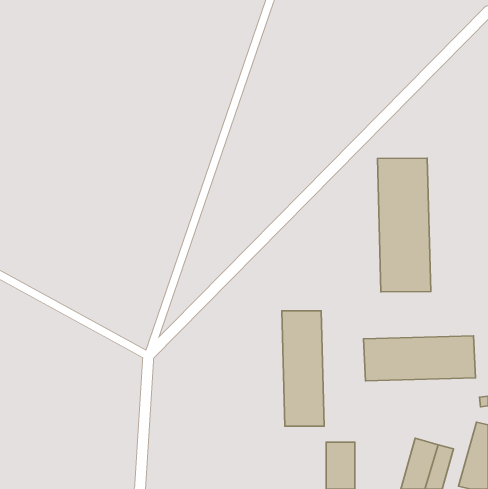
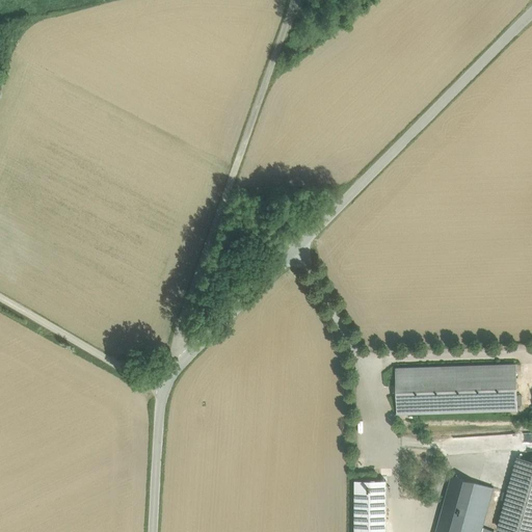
building: [377,158,431,292] -> none
building: [282,311,324,426] -> none

